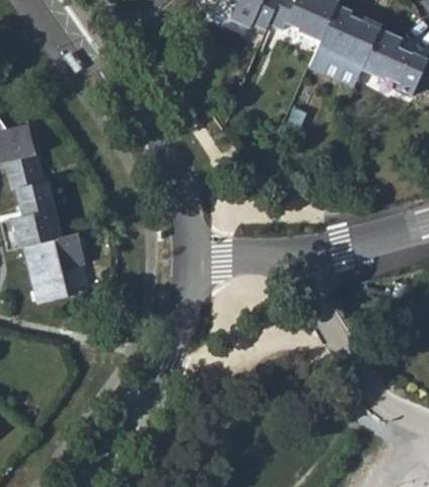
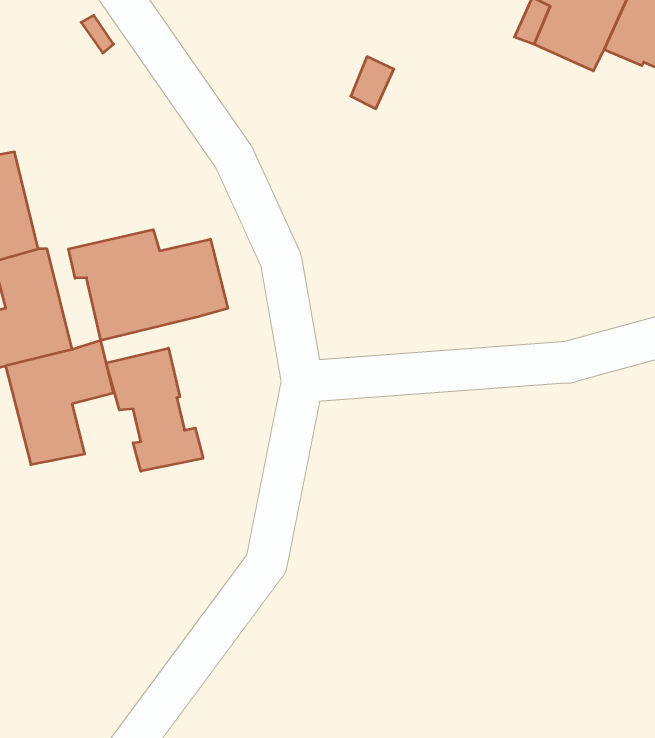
building: none -> [68,230,228,341]
building: none -> [106,348,203,471]

